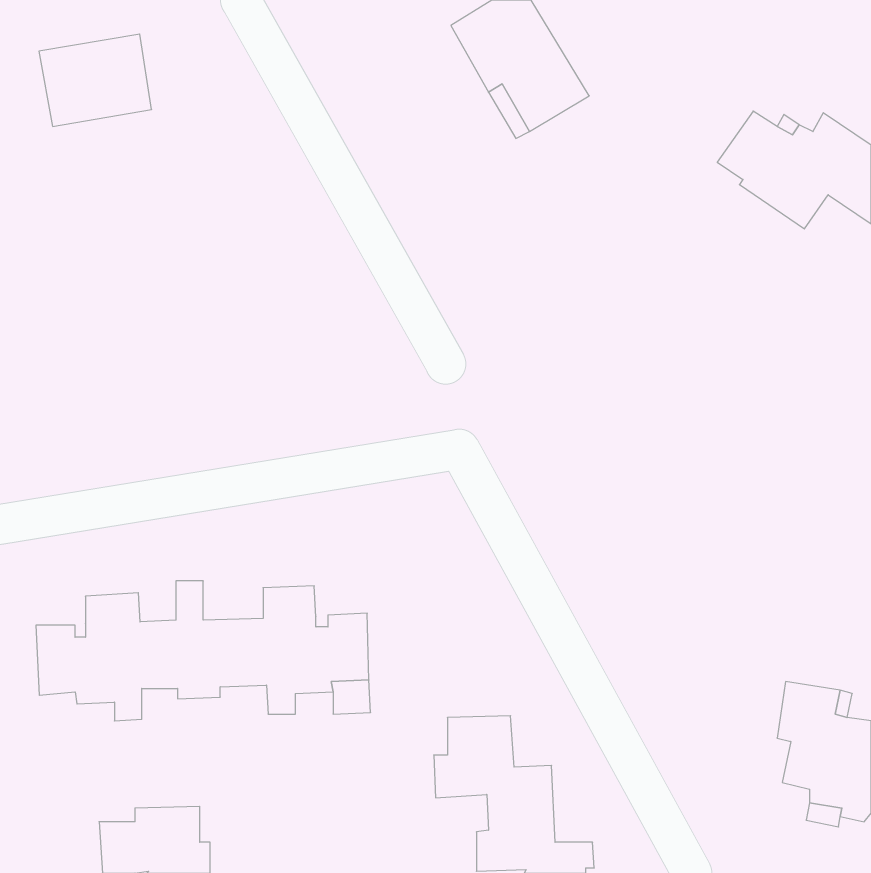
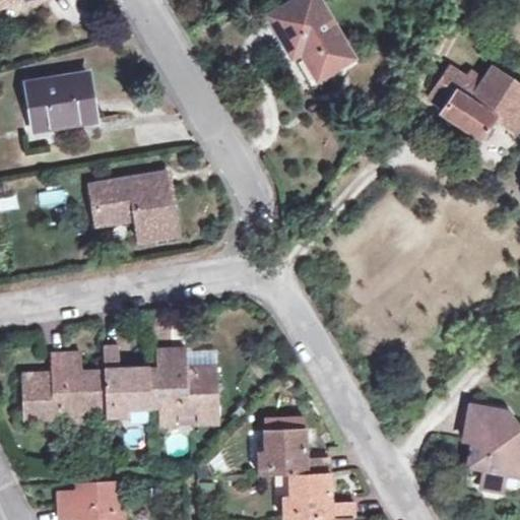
building: [39,34,152,126] -> [25,73,92,128]
building: none -> [90,173,176,241]

